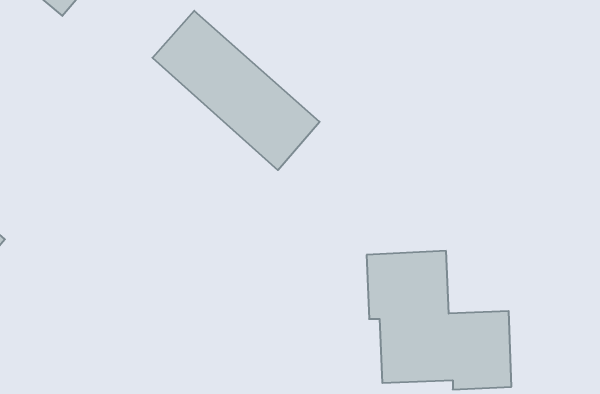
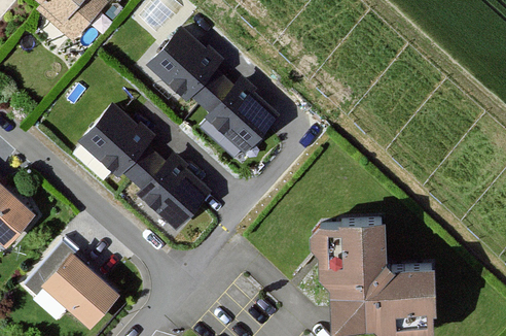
building: none -> [80,106,210,227]
building: none -> [35,243,115,323]

